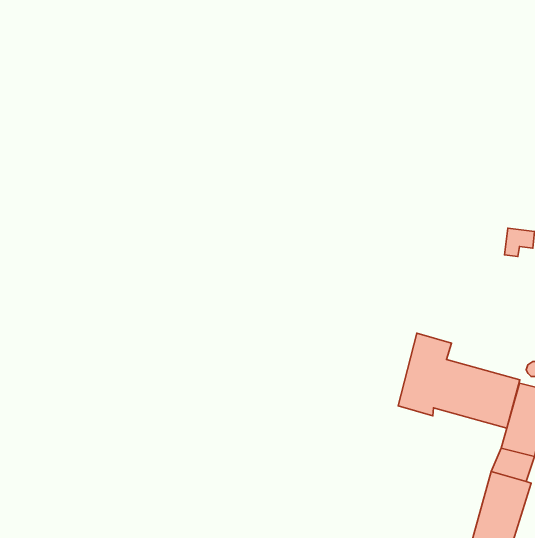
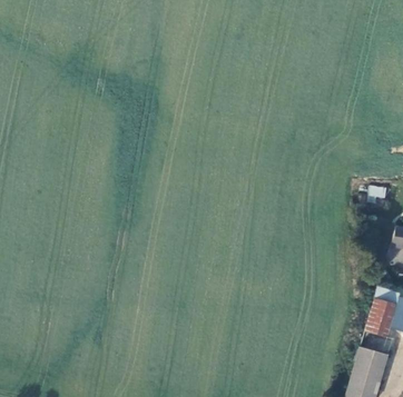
building: [398,333,520,428] -> none

